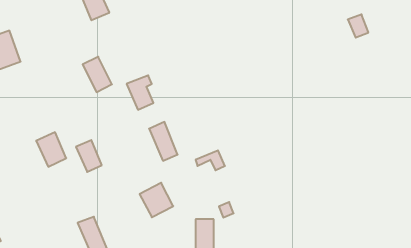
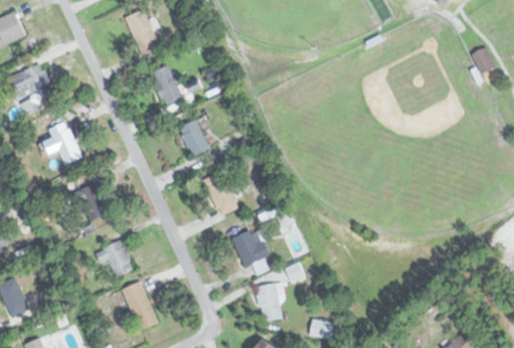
building: [348,14,368,38] -> [471,47,495,74]
building: [83,57,112,92] -> [149,65,183,107]
building: none -> [43,122,81,166]
building: [76,140,102,172] -> [102,240,132,278]
building: [140,183,173,217] -> [231,227,271,268]

